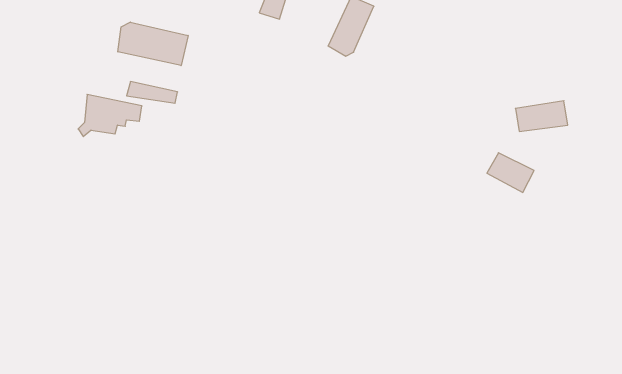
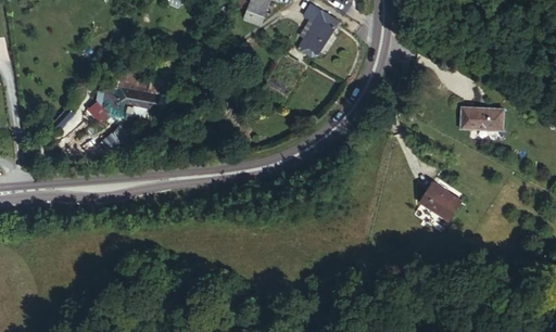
building: [118,22,188,66] -> none
building: [487,153,534,192] -> [429,189,469,222]

